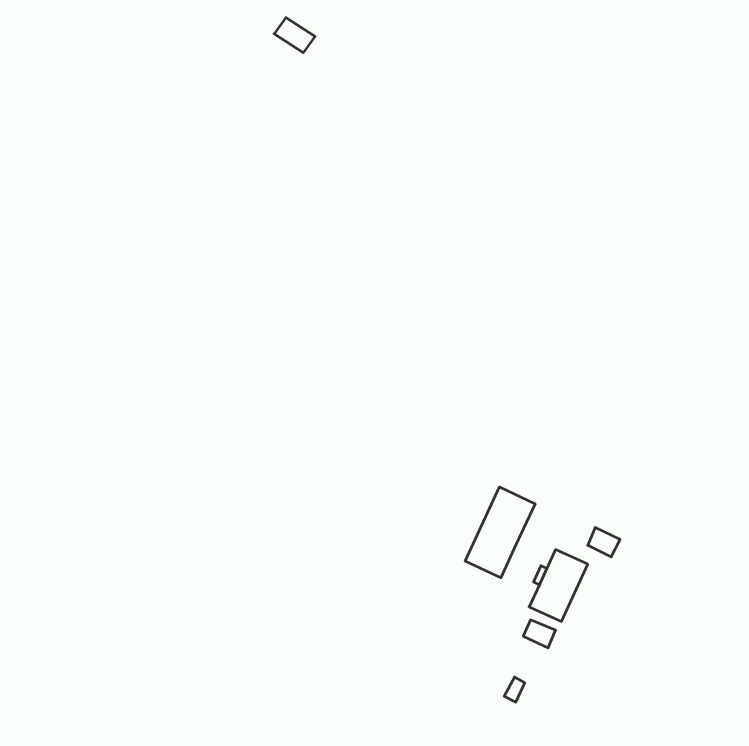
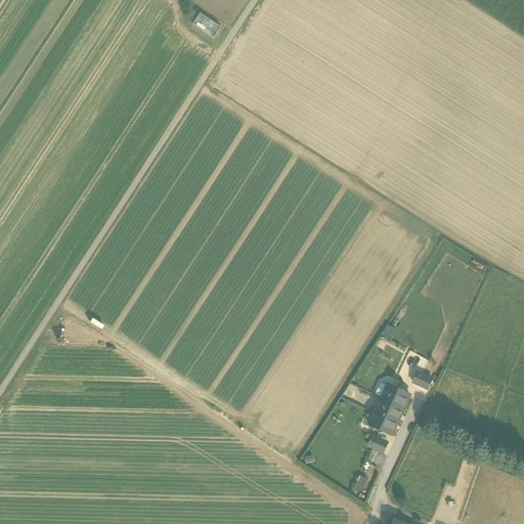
building: [465,487,535,578] -> none

